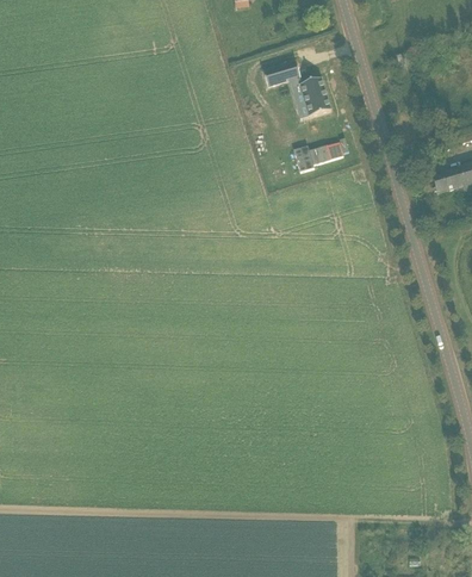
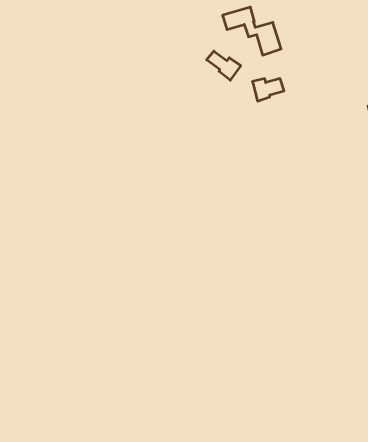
building: none -> [207,51,241,80]

